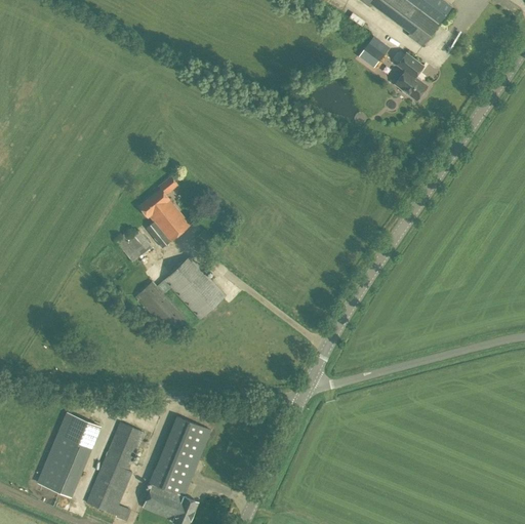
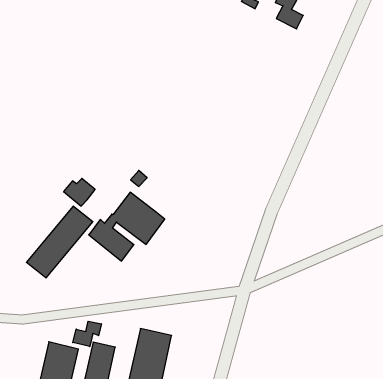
building: [139,176,190,247] -> none
building: none -> [26,206,93,278]
building: none -> [73,321,101,347]

